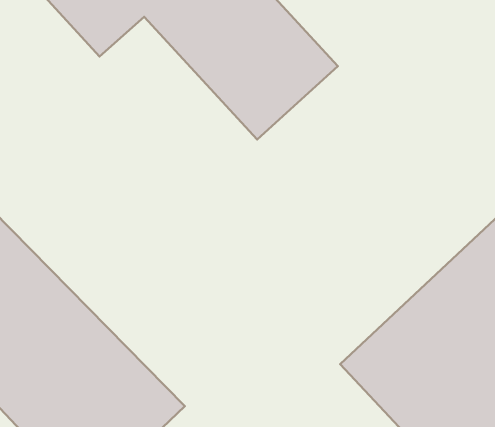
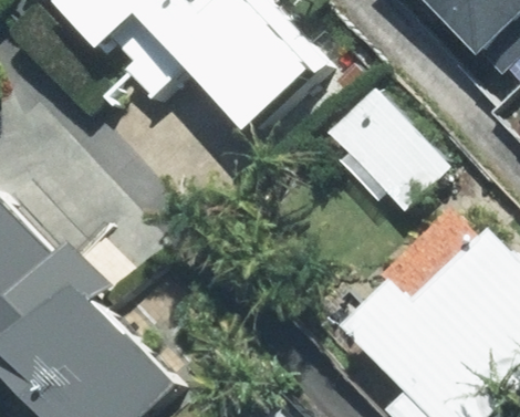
building: none -> [325,91,449,210]

